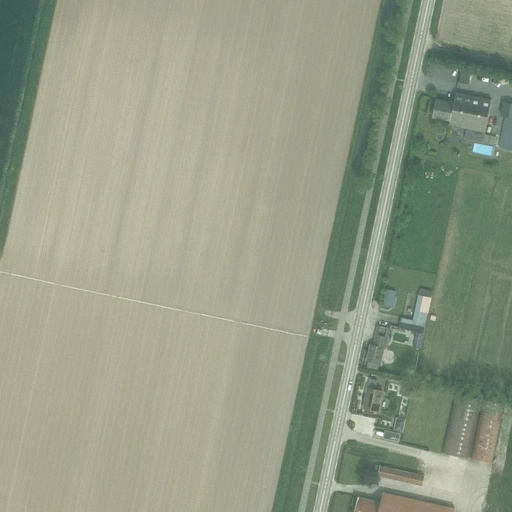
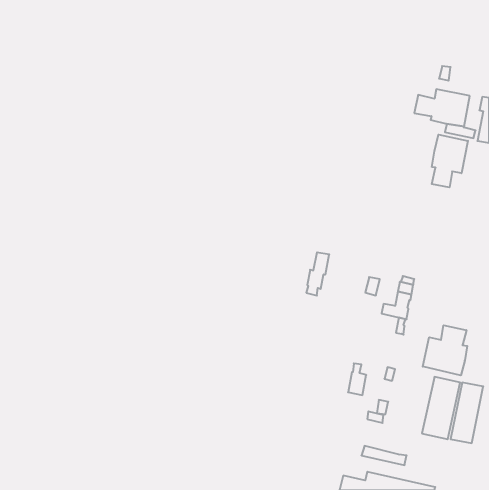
building: none -> [432,135,468,187]
building: [366,326,390,371] -> [306,252,329,296]
building: none -> [423,325,467,375]

